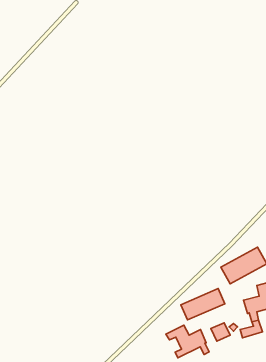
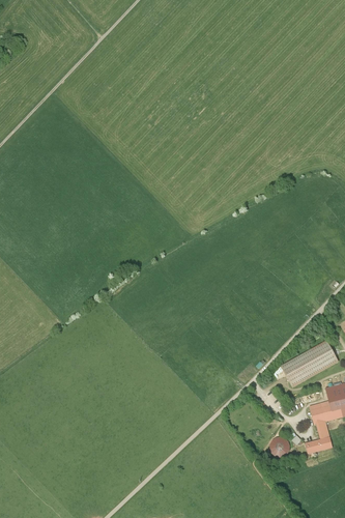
building: [181,289,225,320] -> none
building: [166,325,209,358] -> none

